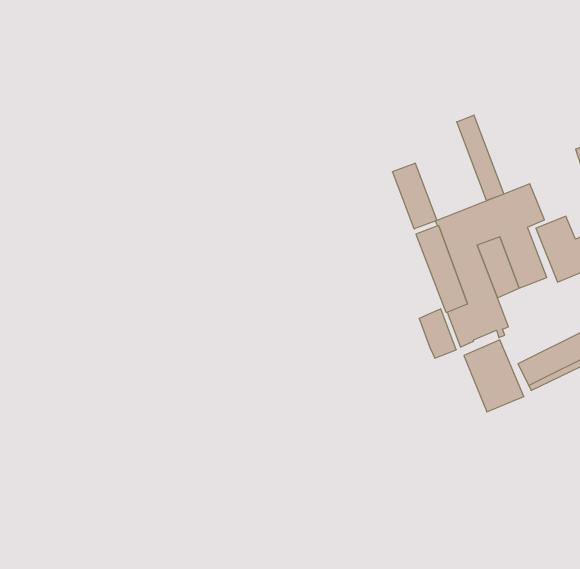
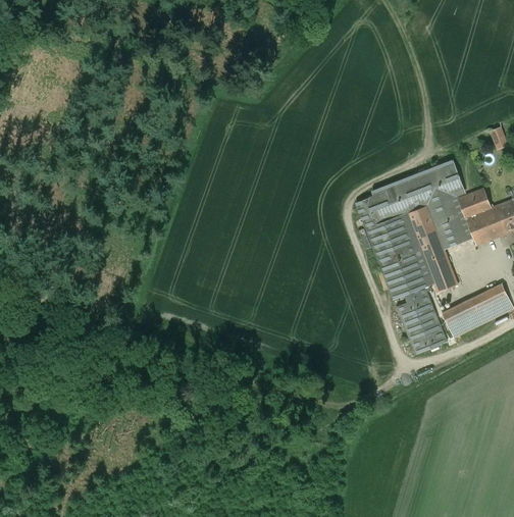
building: [457,115,504,201] -> none
building: [393,163,437,229] -> none
building: [419,309,456,358] -> [425,249,457,291]

